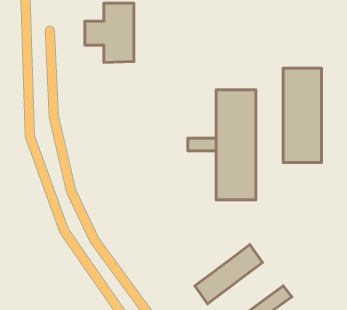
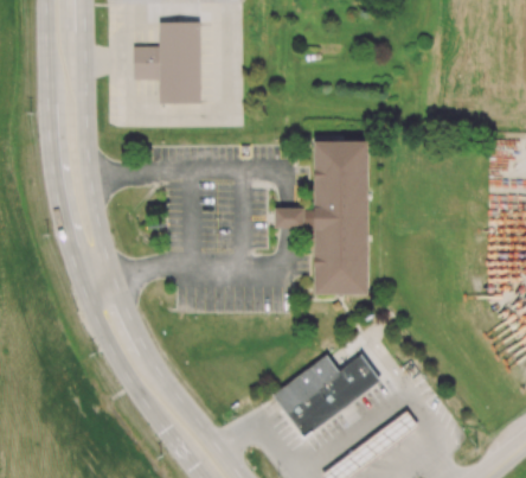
building: [283,68,322,162] -> none
building: none -> [272,356,339,412]

